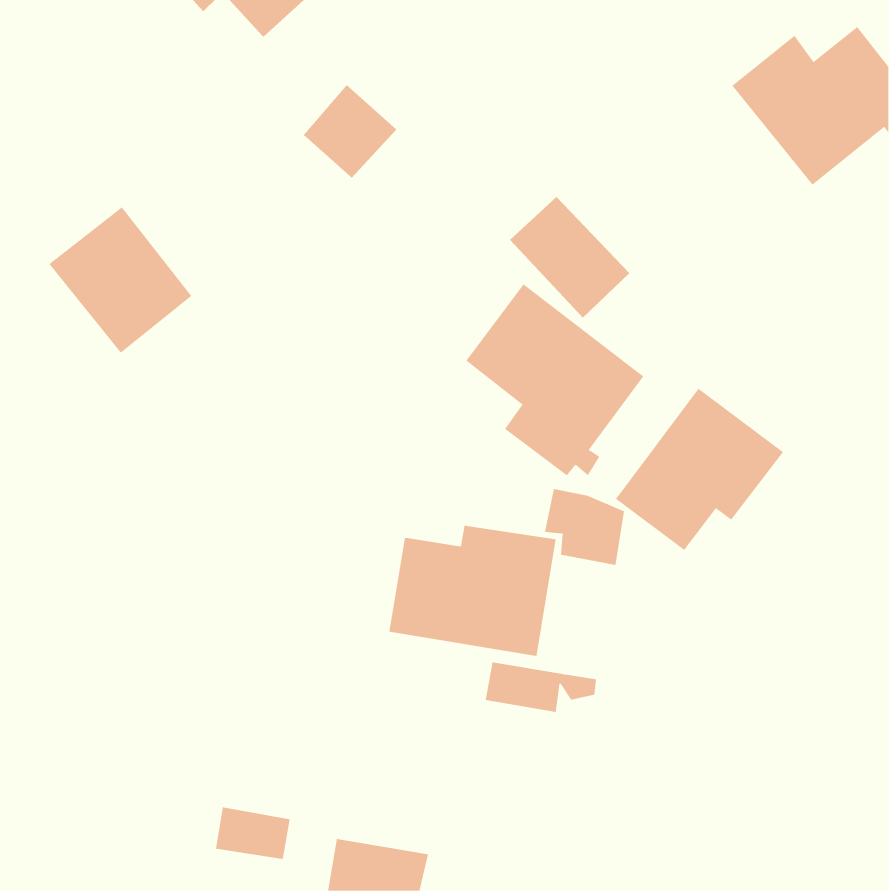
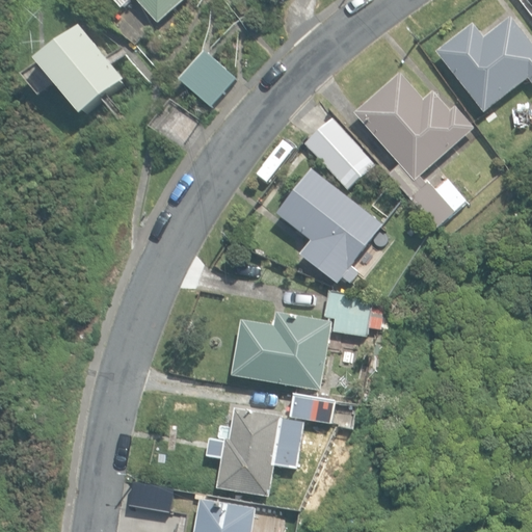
building: none -> [353,72,474,229]
building: [49,206,192,353] -> [38,27,124,114]
building: [615,388,784,551] -> none
building: none -> [216,406,288,496]

